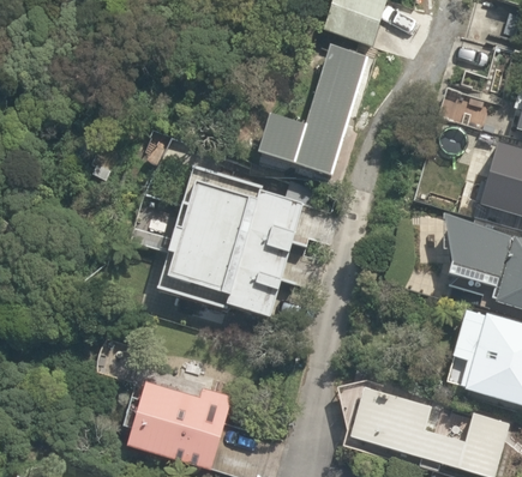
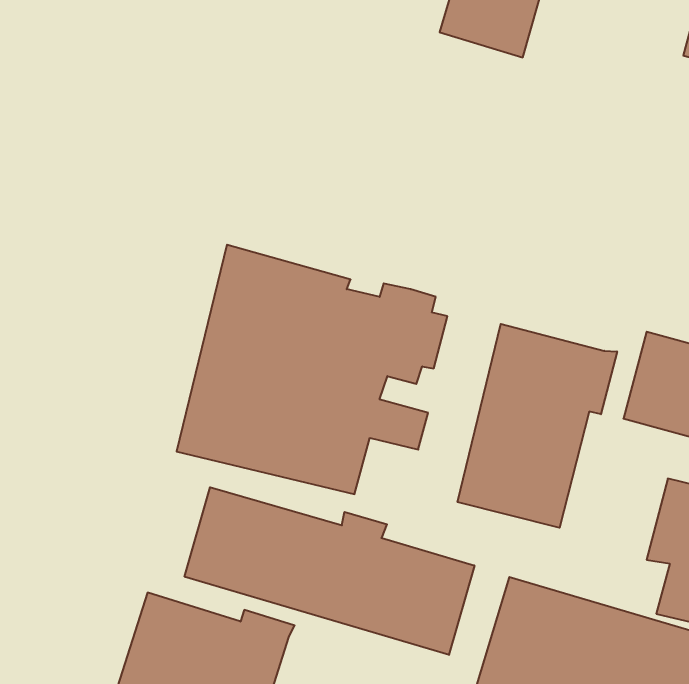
building: [256,49,365,176] -> none
building: none -> [458,324,617,528]
building: none -> [185,487,474,655]

